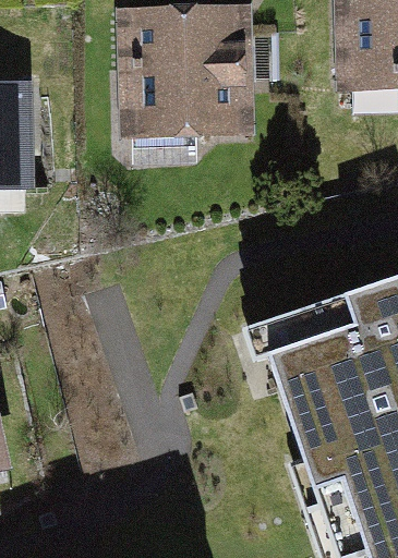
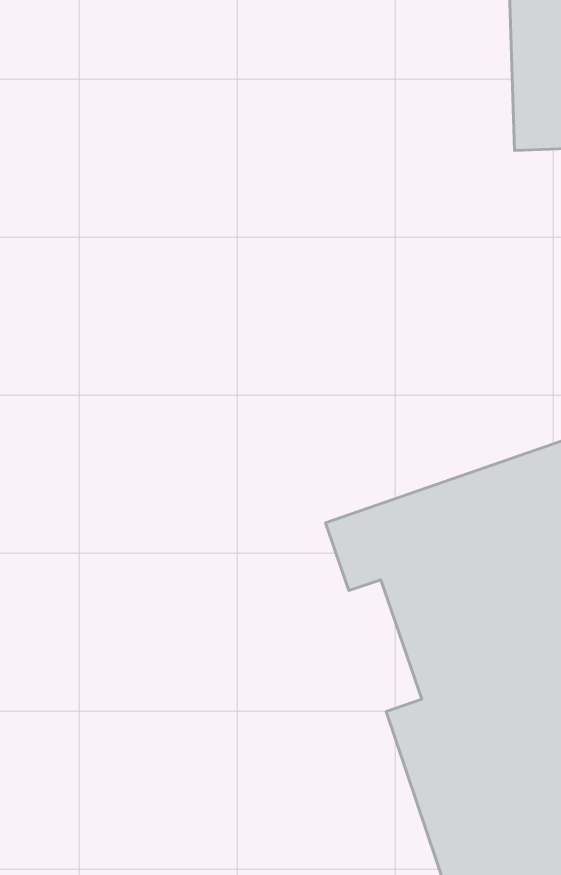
building: [128,19,253,135] -> none

